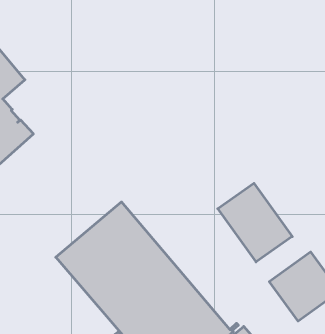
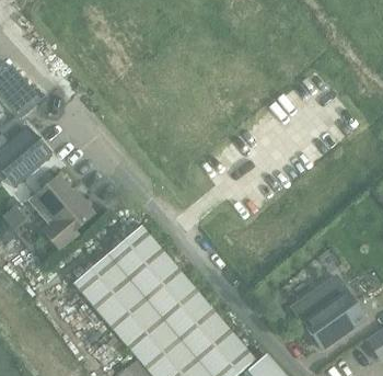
building: none -> [30,173,93,249]
building: [218,183,292,262] -> none

